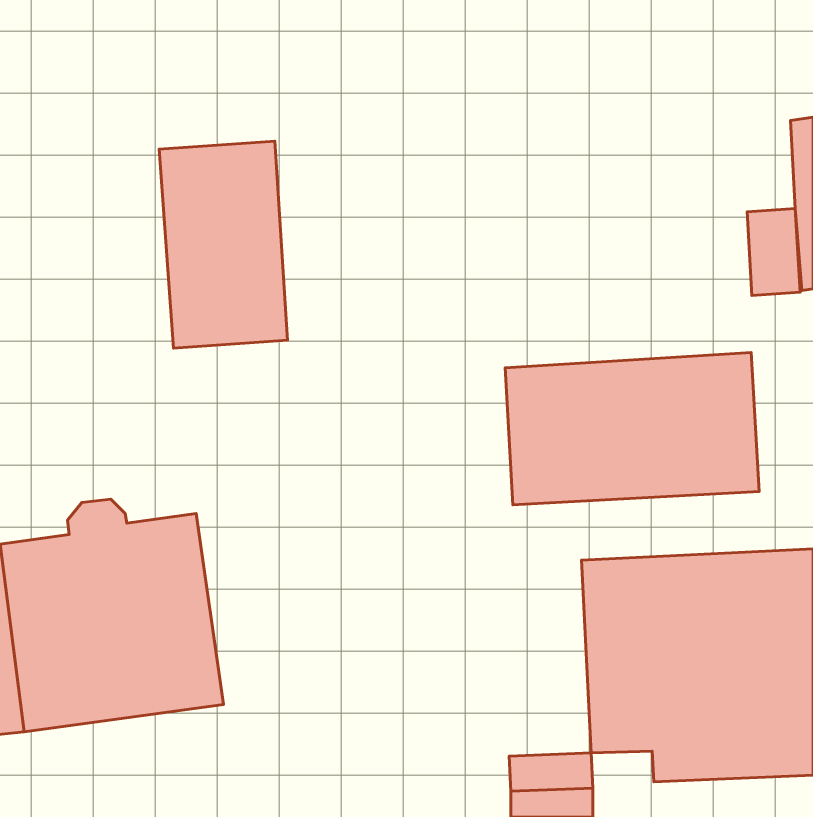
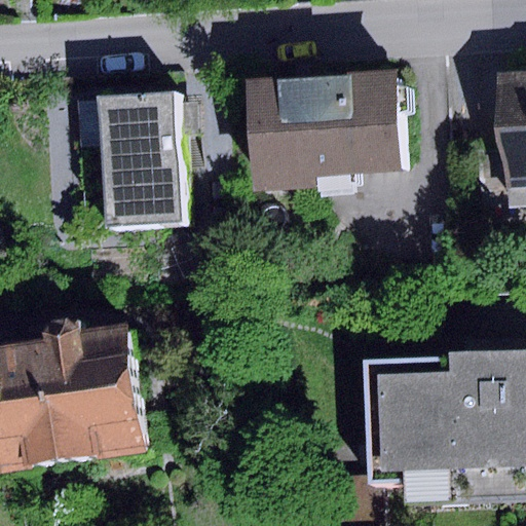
building: none -> [250,70,402,187]
building: [505,353,759,505] -> none

